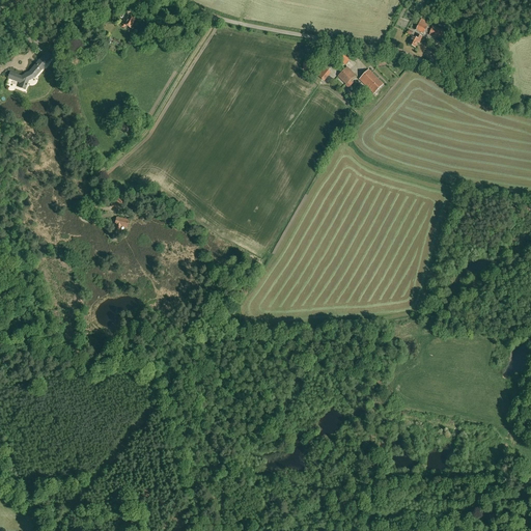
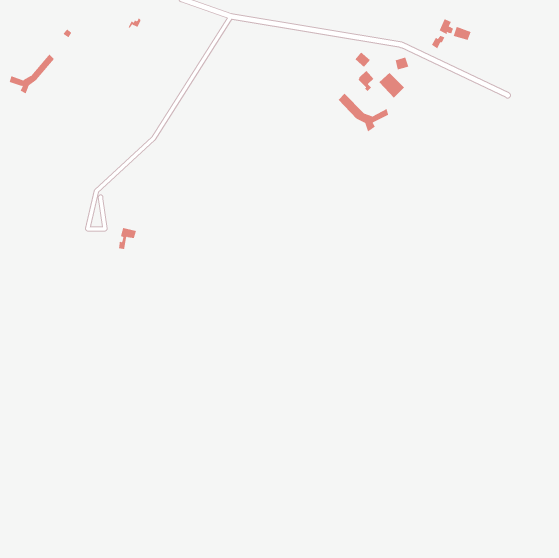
building: none -> [338,93,389,132]

